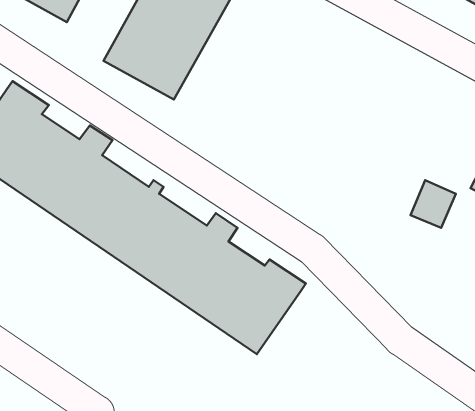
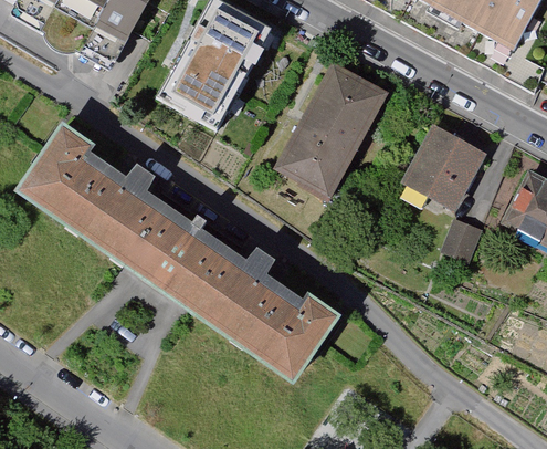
building: none -> [271,61,390,203]
building: none -> [402,123,490,212]

